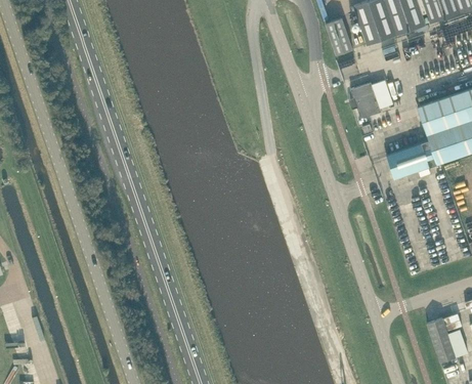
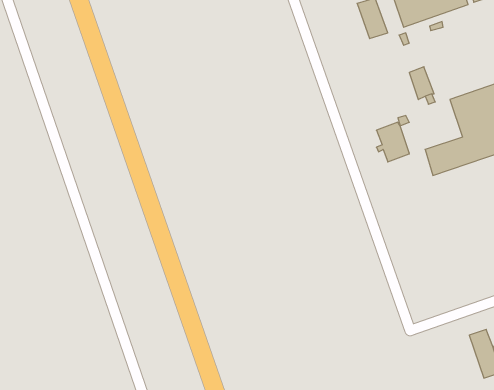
building: [352,83,382,119] -> [376,122,409,162]

